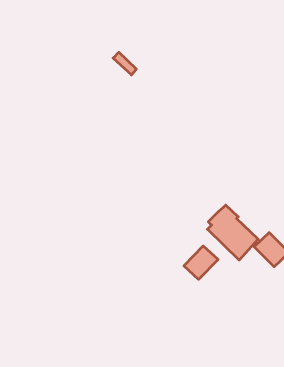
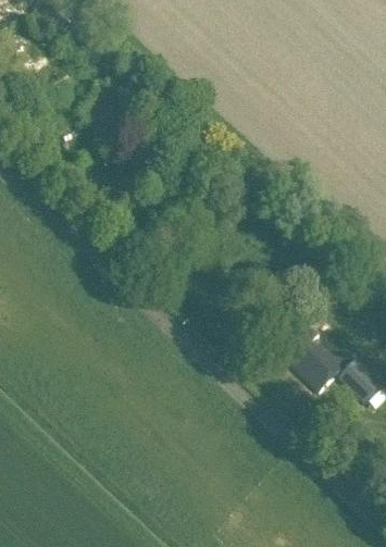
building: [184,246,218,279] -> none

